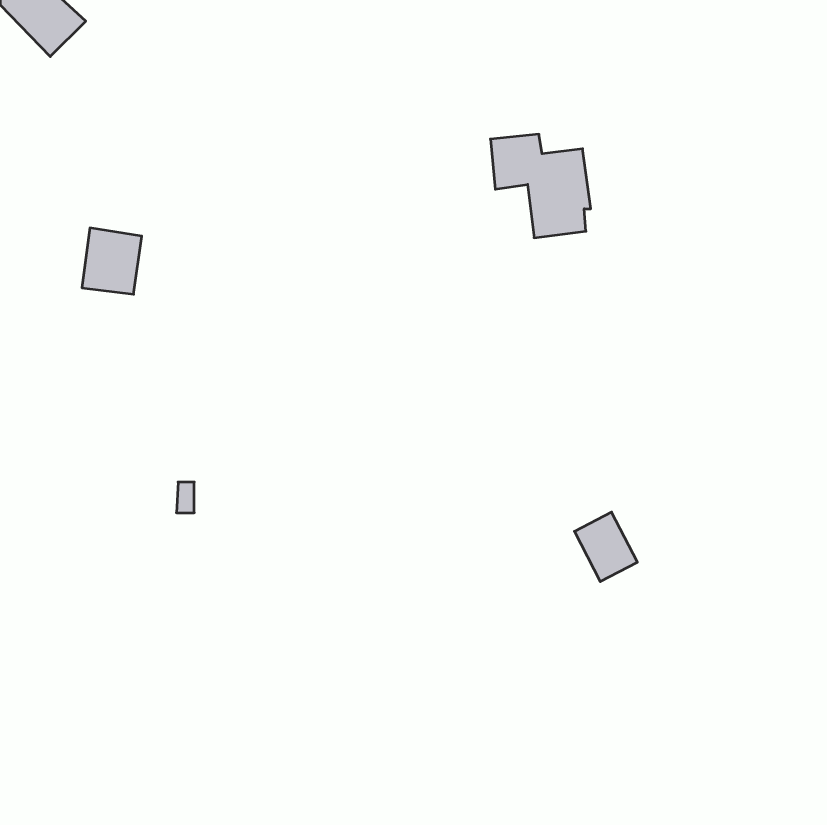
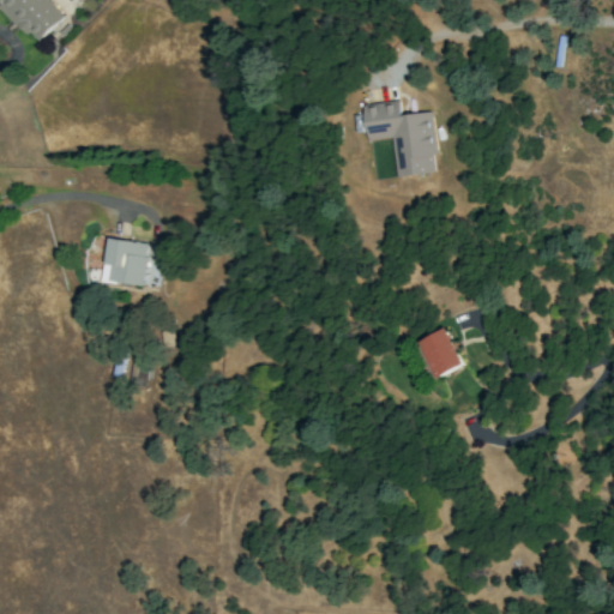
building: [82,228,142,294] -> [102,236,146,285]
building: [574,512,637,582] -> [417,326,464,378]

